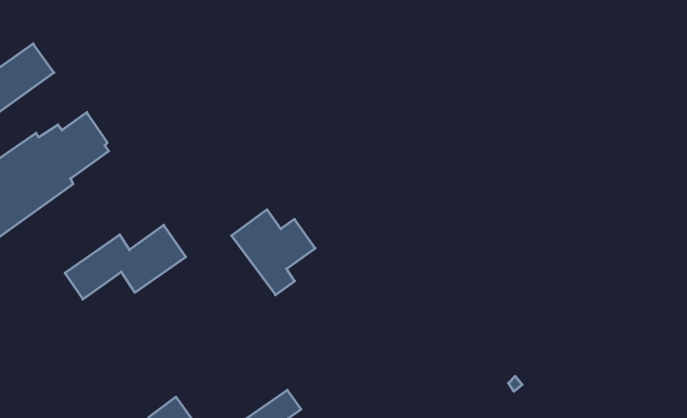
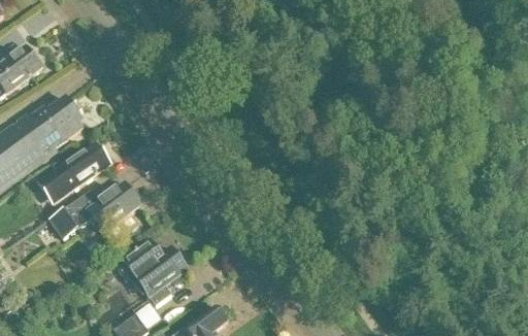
building: none -> [36,141,109,201]
building: [231,210,315,295] -> [123,239,186,303]

